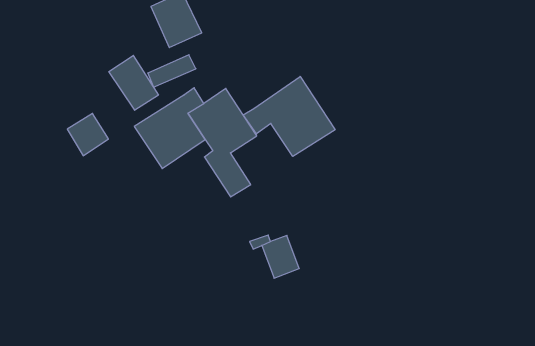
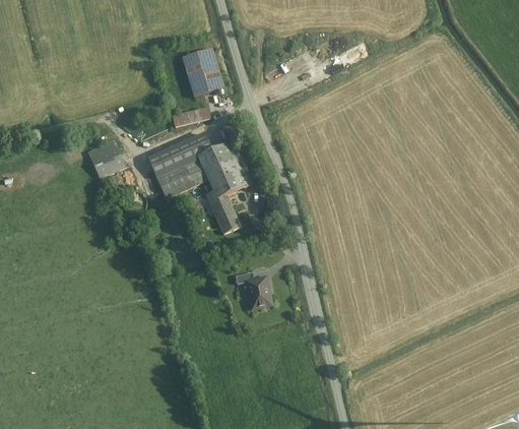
building: [109,55,158,110] -> none
building: [243,76,335,156] -> none

